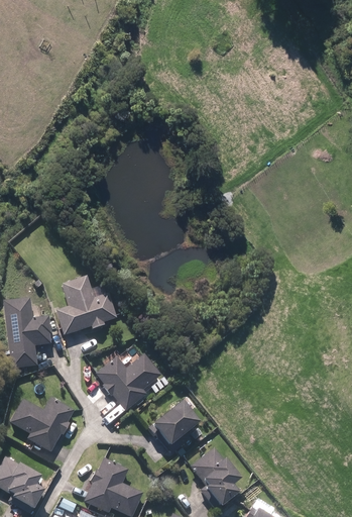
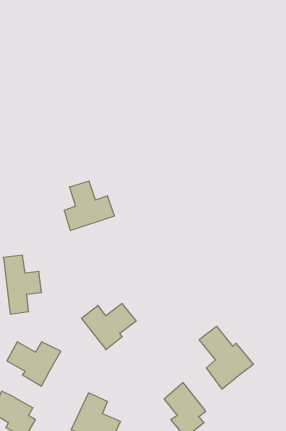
building: [57,276,116,333] -> [64,181,114,230]
building: none -> [199,326,253,389]
building: [147,403,199,453] -> none

